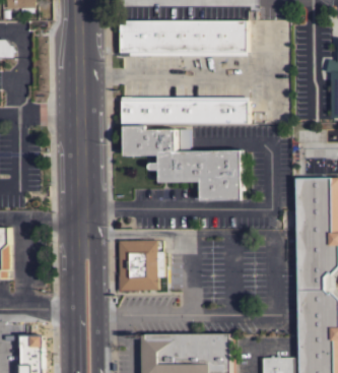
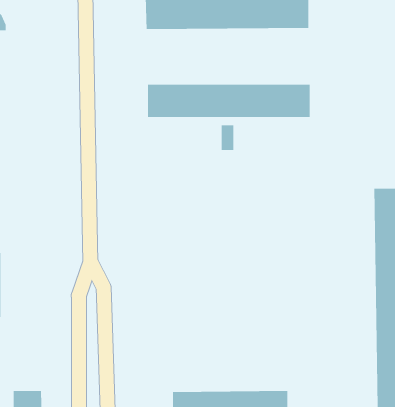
building: [124,126,242,200] -> none
building: [116,240,161,292] -> none

